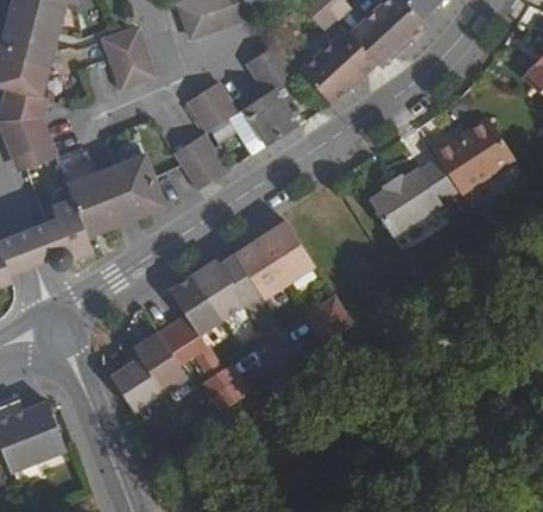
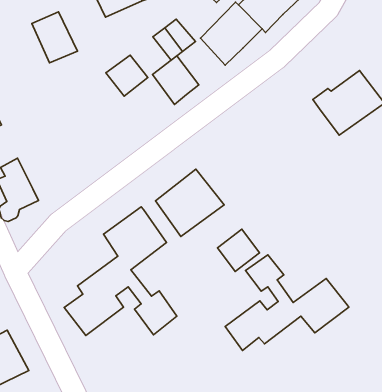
building: [170,132,225,189] -> none
building: [65,151,160,233] -> none
building: [368,162,459,241] -> none
building: none -> [225,255,349,351]

